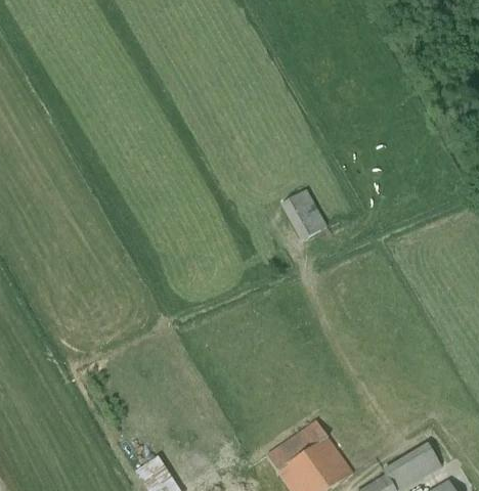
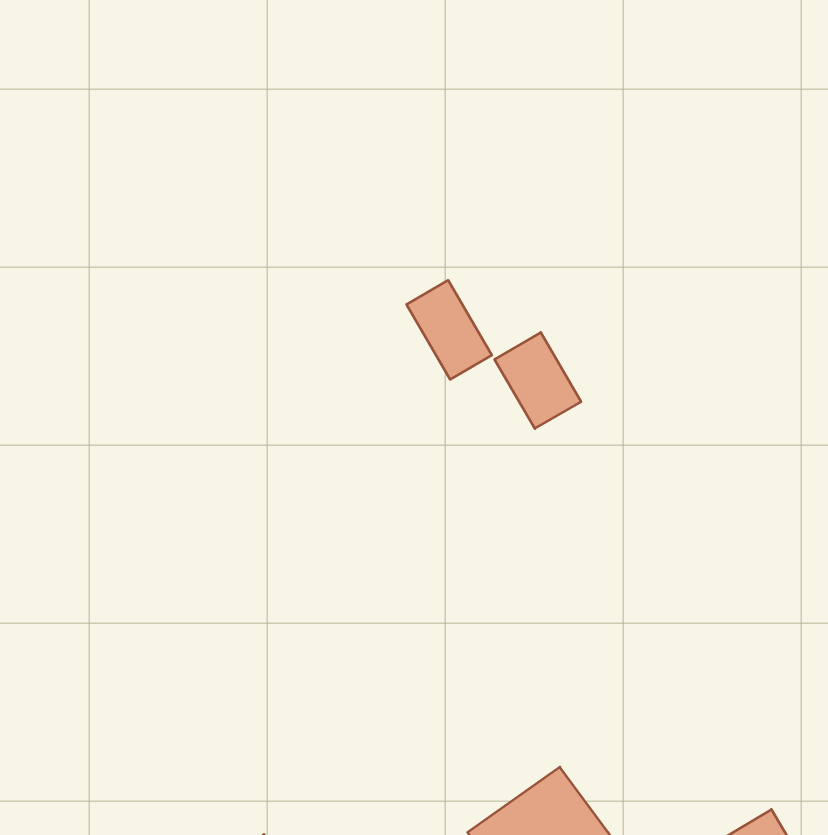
building: none -> [407,280,492,379]

